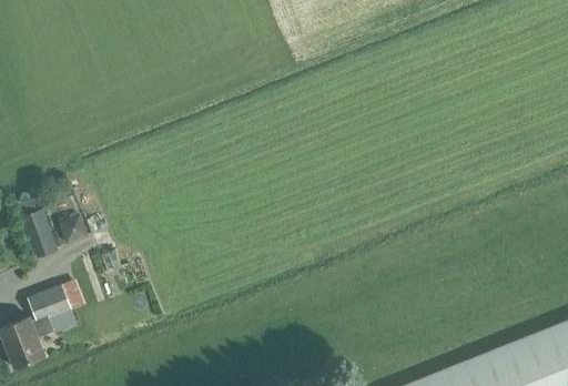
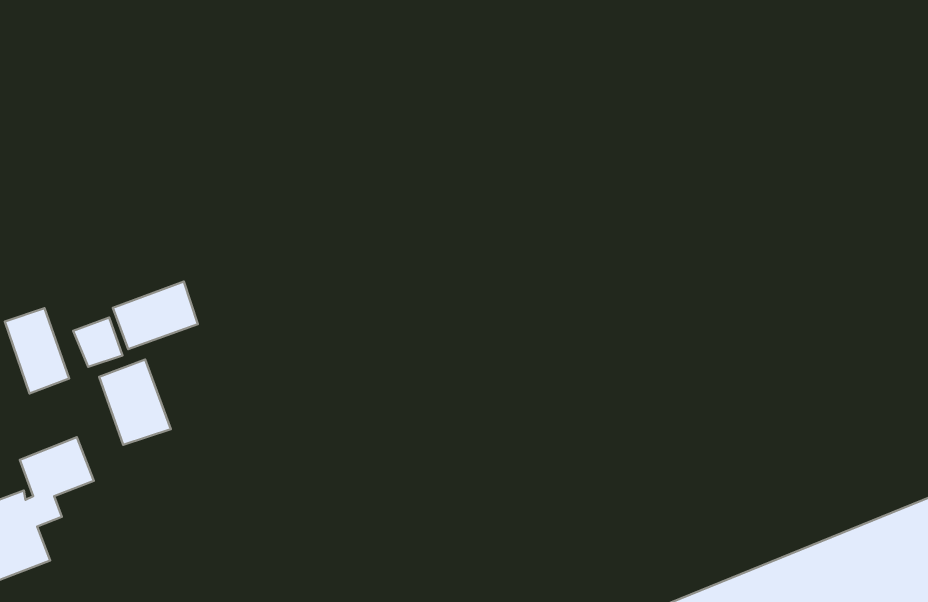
building: none -> [113,282,198,349]
building: none -> [99,360,171,445]

